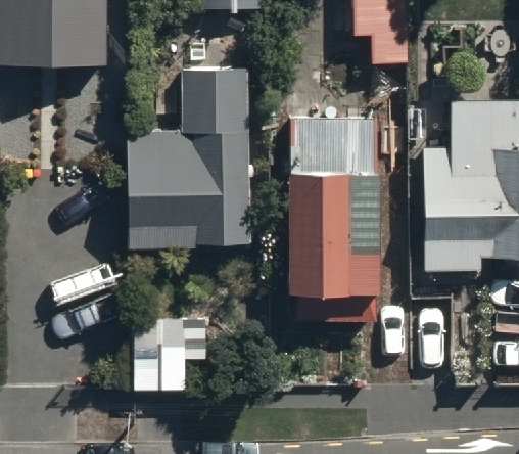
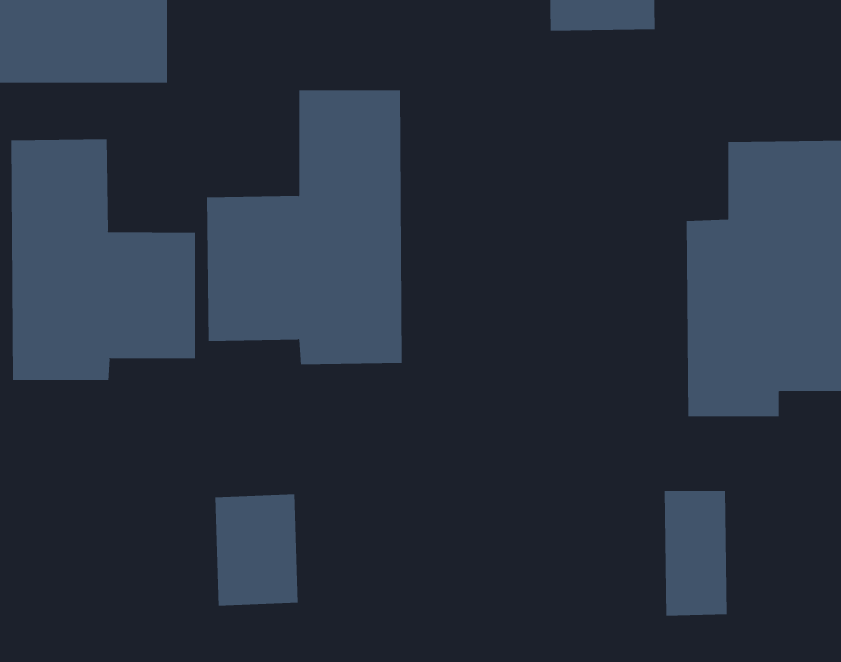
building: none -> [11,139,195,381]
building: [289,118,379,291] -> none

